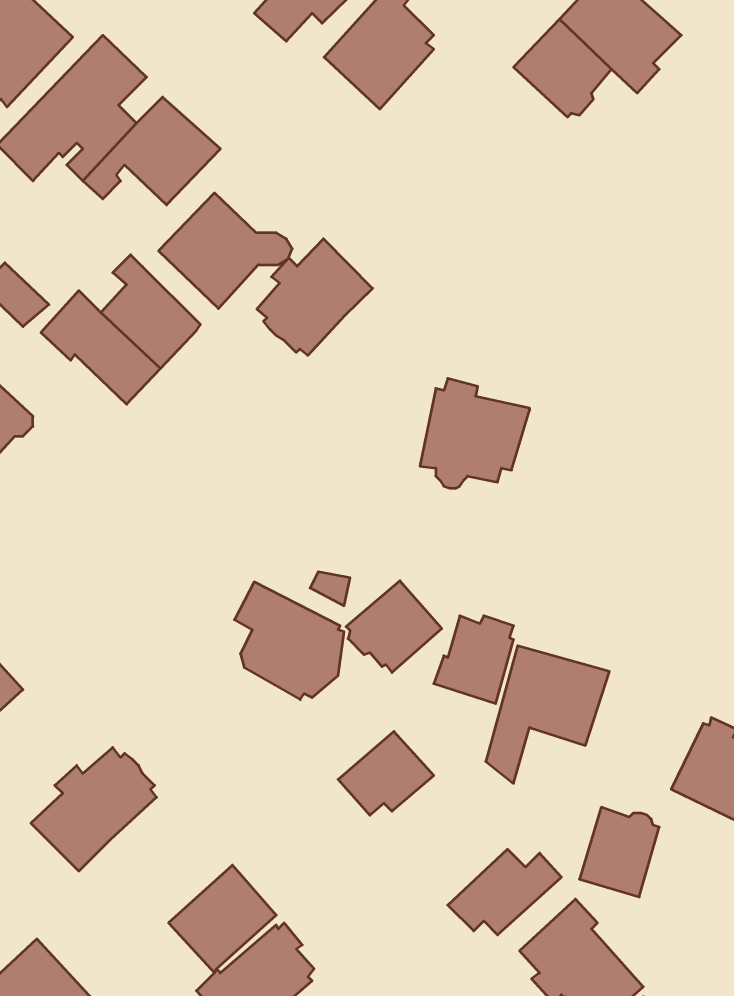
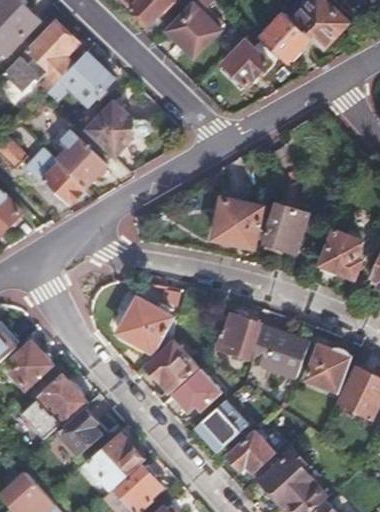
building: none -> [225,40,268,82]
building: [257,239,373,355] -> none
building: none -> [260,201,313,250]
building: none -> [321,230,363,277]
building: [346,581,442,673] -> [148,344,196,390]
building: none -> [9,342,49,389]
building: none -> [196,400,246,450]
building: [579,807,659,897] -> [308,342,348,387]
building: none -> [58,409,99,454]

